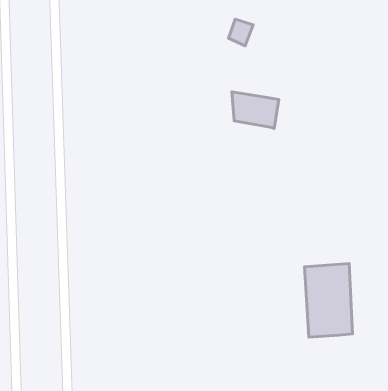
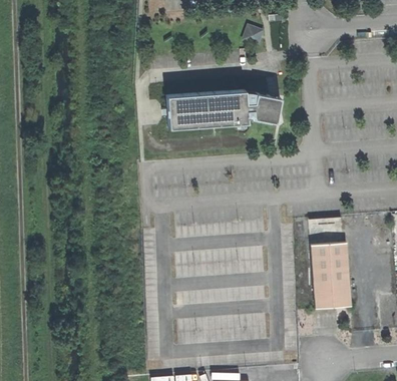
building: none -> [170,89,247,126]

